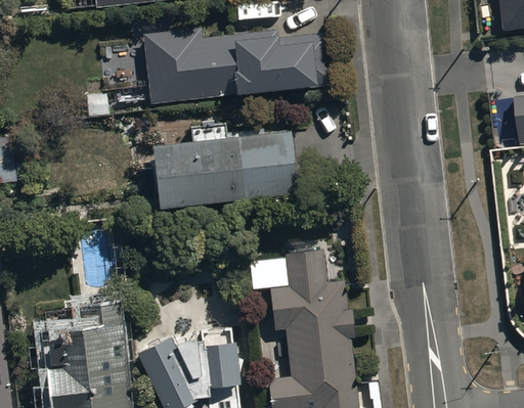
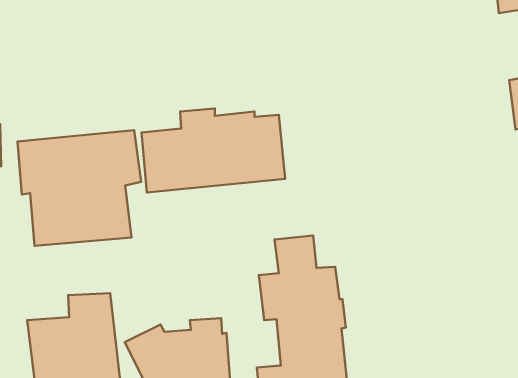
building: [141,30,333,104] -> none
building: none -> [18,130,141,246]

